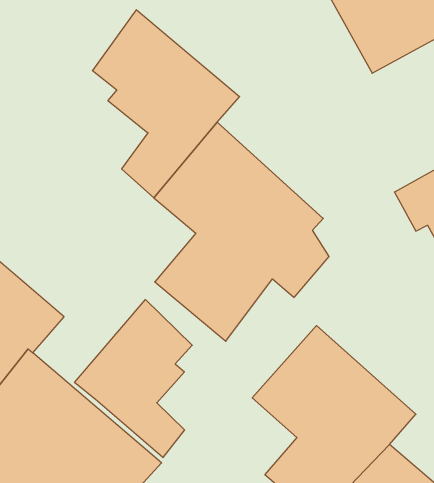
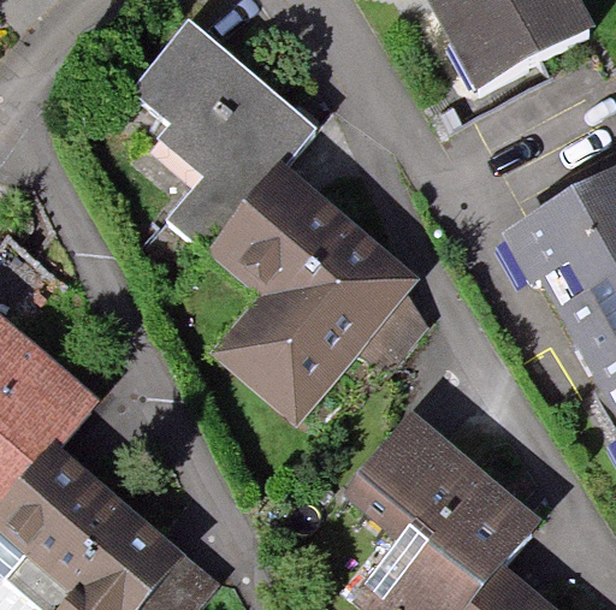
building: [75,300,192,458] -> none

